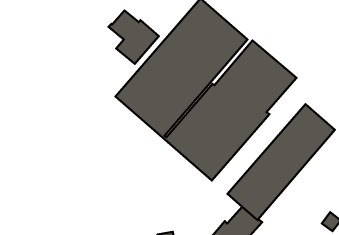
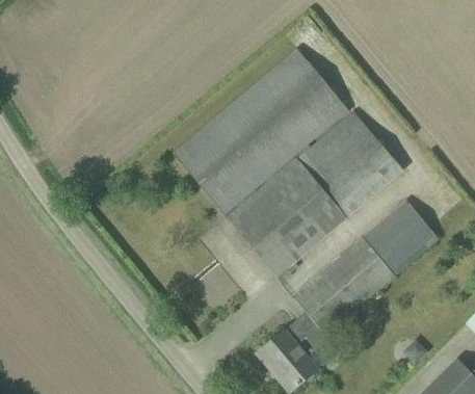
building: [109,10,159,64] -> none

